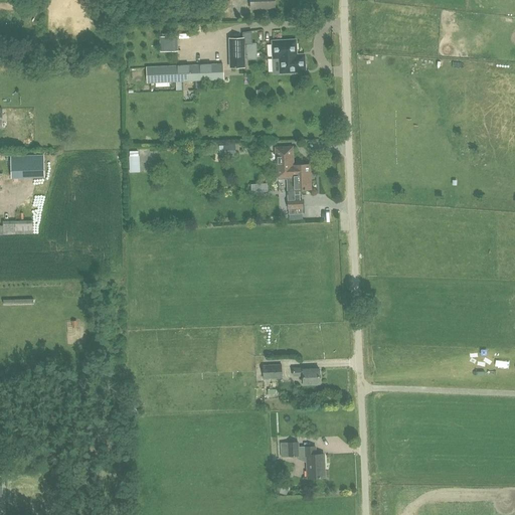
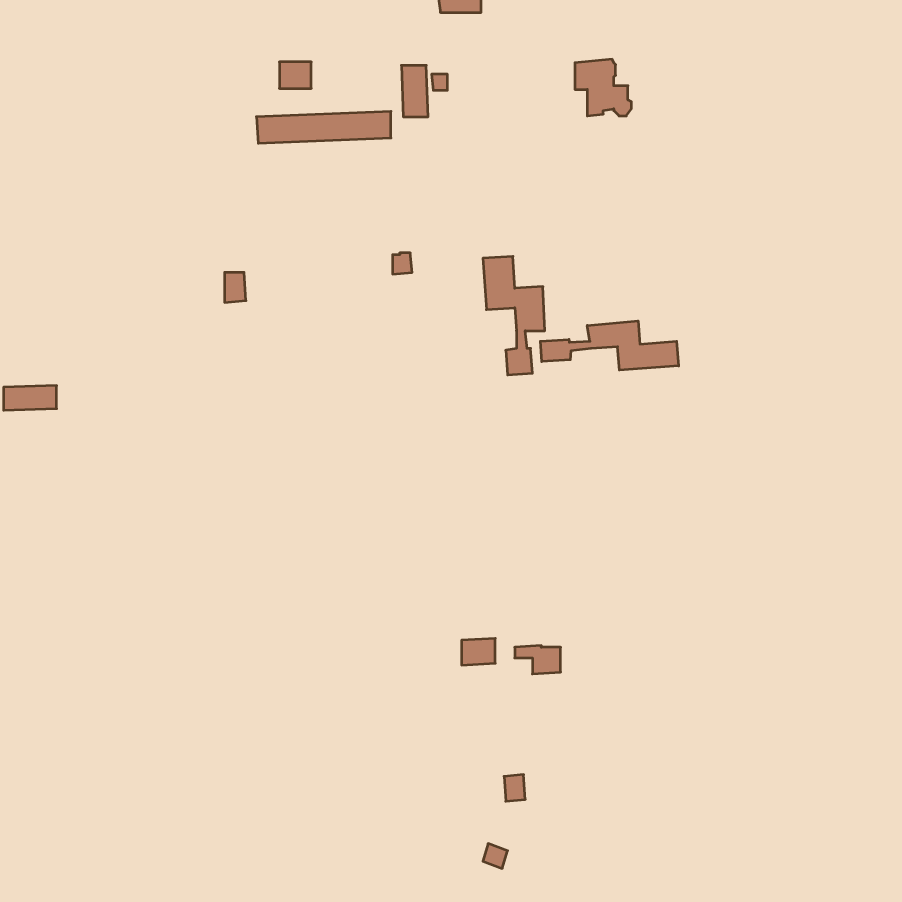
building: [273,39,305,71] -> [575,59,631,116]
building: [10,155,43,176] -> none
building: none -> [540,321,679,370]
building: [303,446,325,478] -> none

